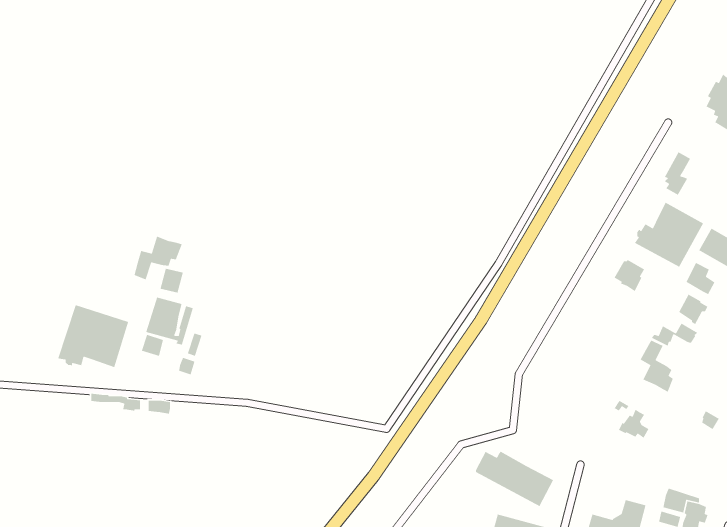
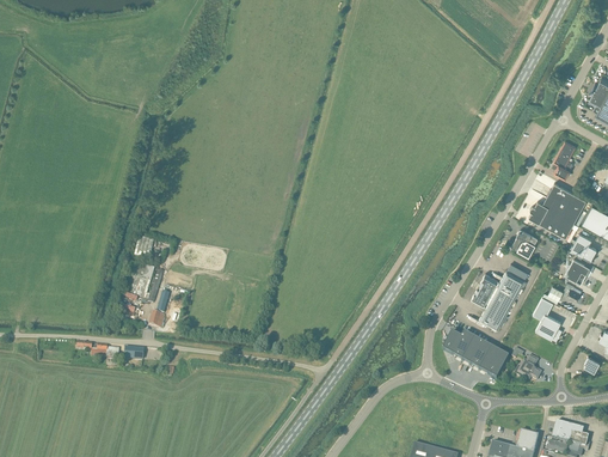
building: [134,236,183,280] -> none
building: none -> [471,261,528,328]
building: [57,304,129,368] -> none
building: [475,451,554,507] -> [443,330,509,377]

